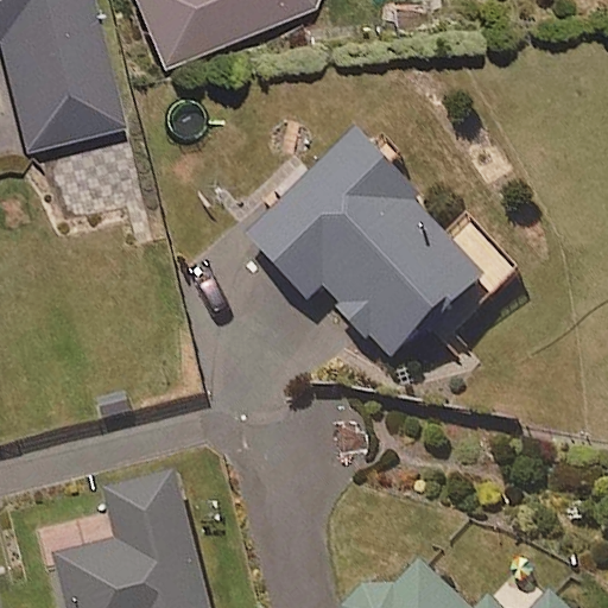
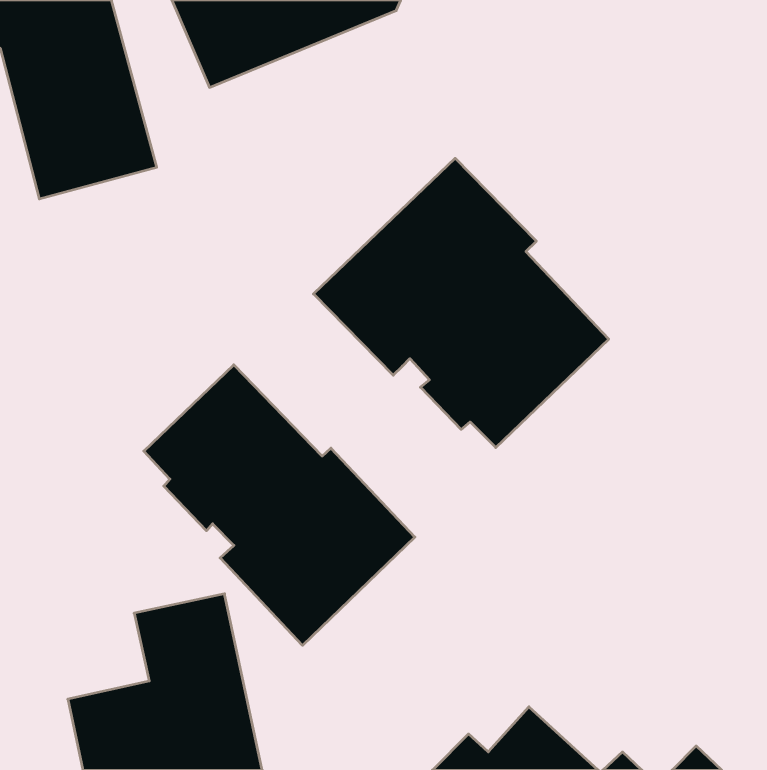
building: none -> [144,365,415,645]

